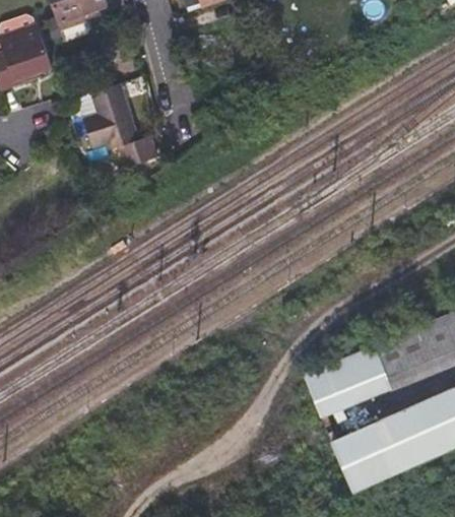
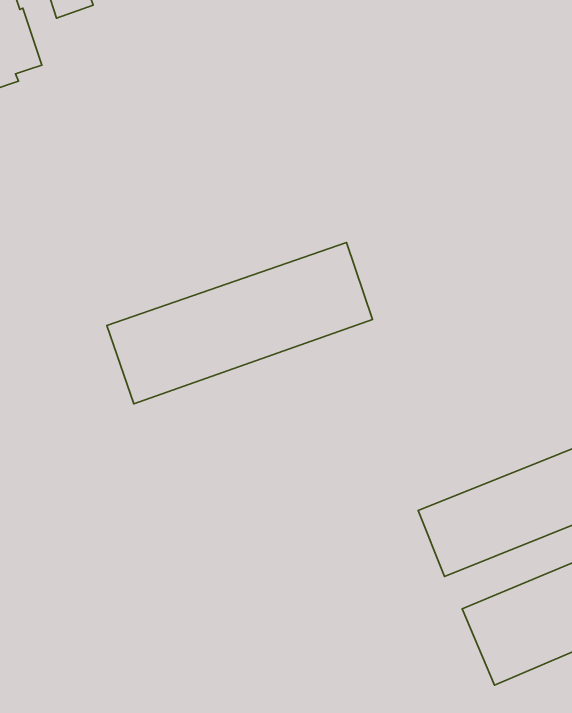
building: [80,76,153,160] -> none
building: none -> [107,243,372,404]

